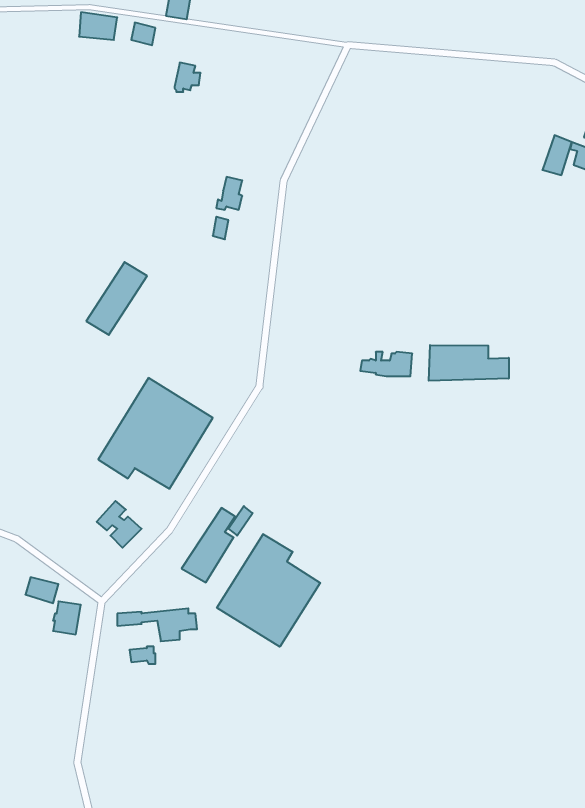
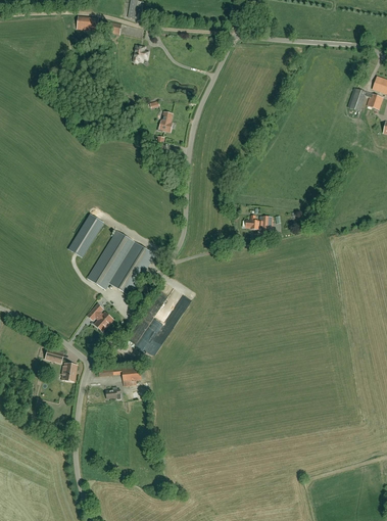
building: [86,262,147,335] -> [67,215,103,257]
building: [429,345,509,381] -> none
building: [217,534,320,647] -> none

